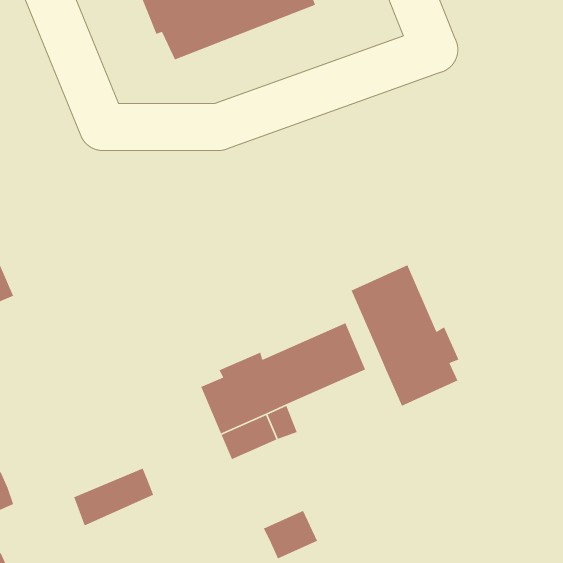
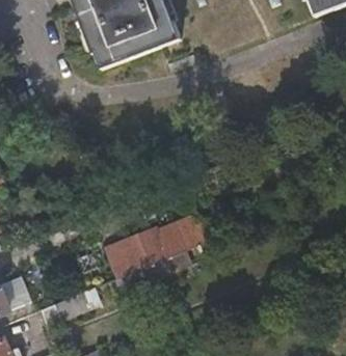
building: [351,264,460,407] -> none

